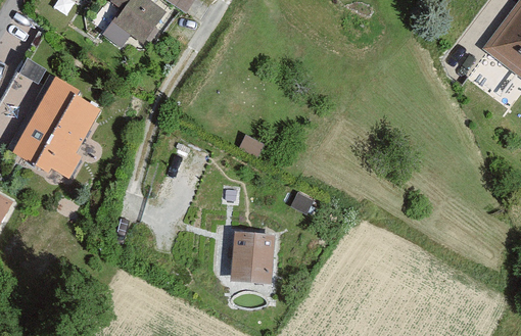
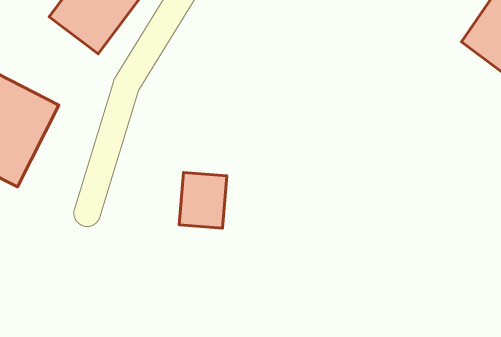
building: [232,230,277,282] -> [179,173,227,228]

